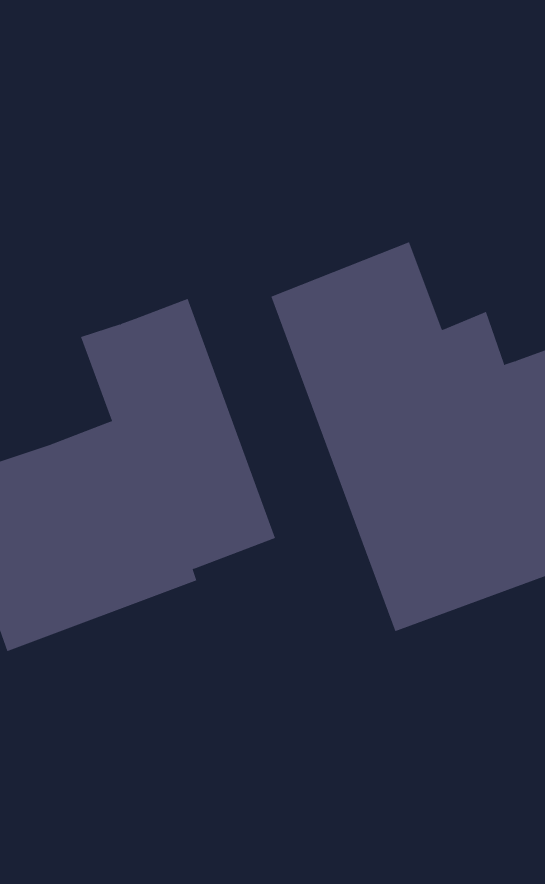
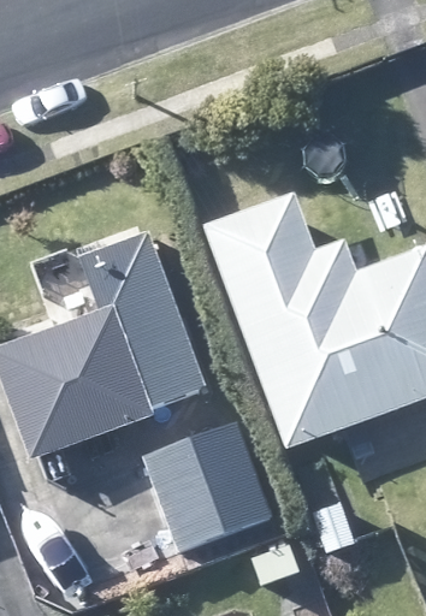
building: none -> [143,420,272,569]

